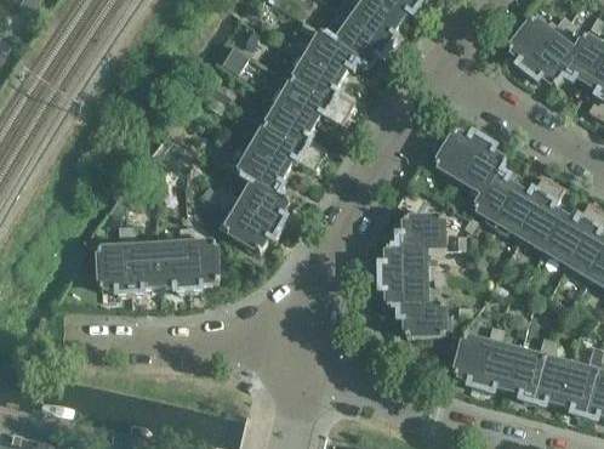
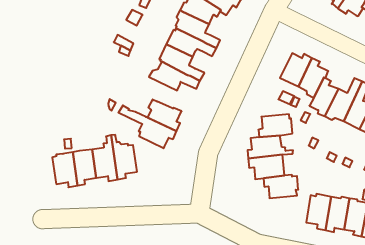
building: [221,146,285,194] -> none

